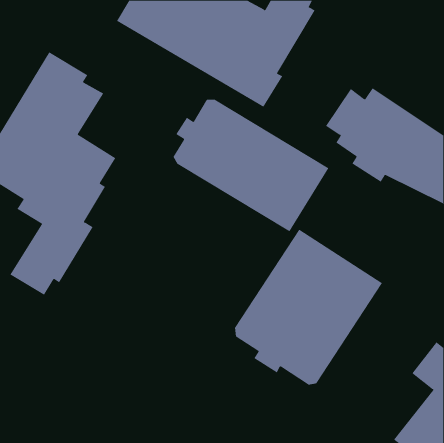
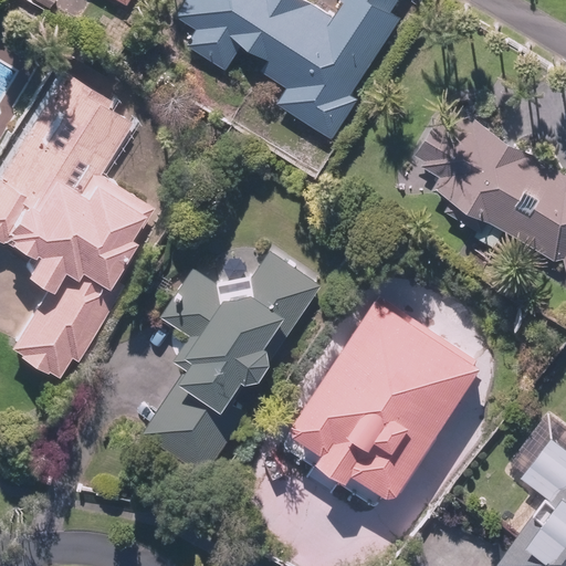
building: [173,99,329,232] -> none
building: none -> [146,251,323,470]

